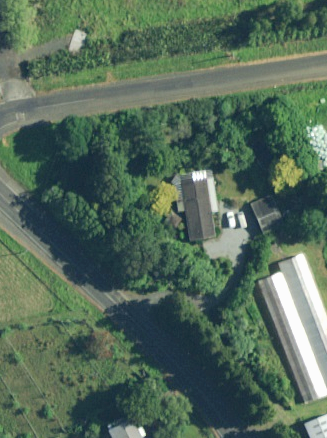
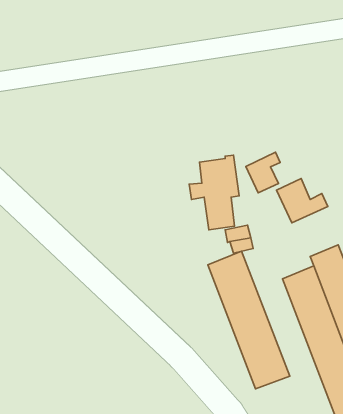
building: none -> [246,152,280,193]
building: none -> [208,251,290,389]

